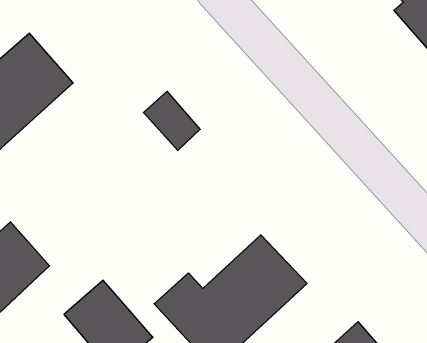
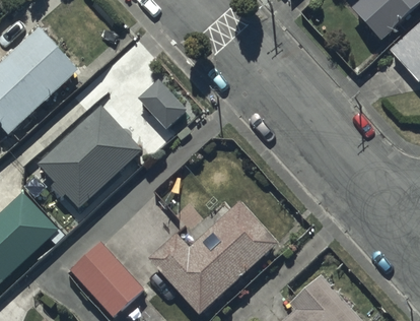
building: none -> [37,106,143,209]

